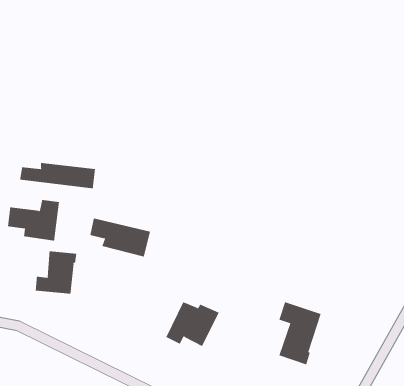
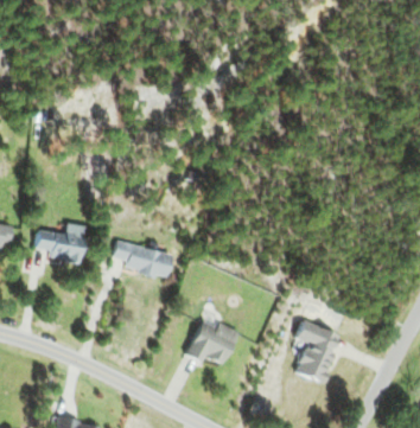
building: [20,162,96,189] -> none
building: [35,251,77,295] -> none

